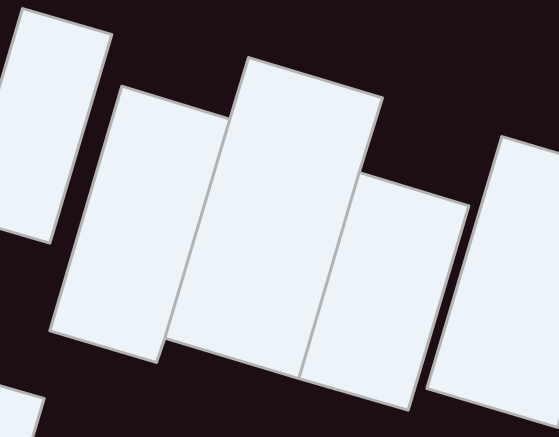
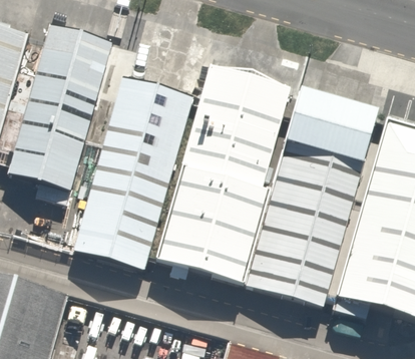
building: none -> [281,91,365,154]

